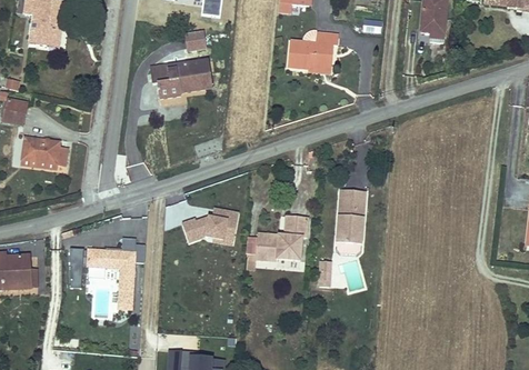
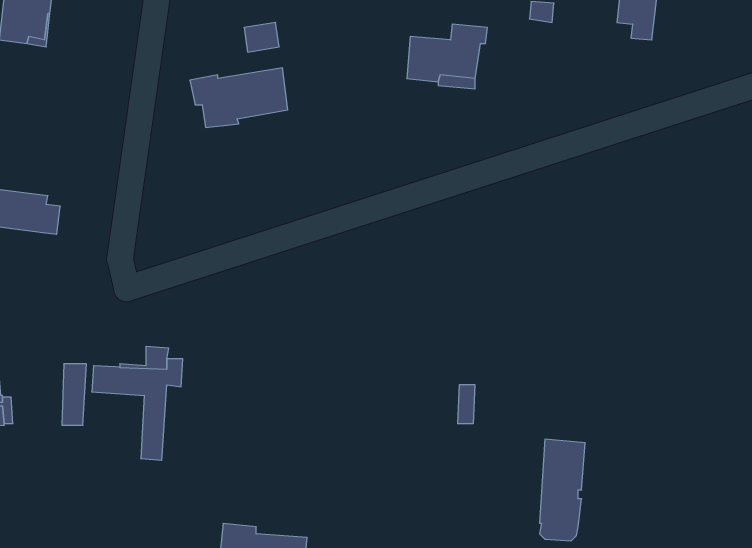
building: [337,189,366,253] -> [540,439,585,541]
building: [183,208,238,241] -> none
building: [247,214,308,260] -> none

